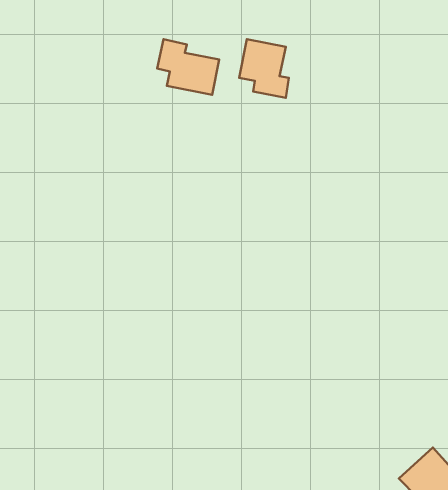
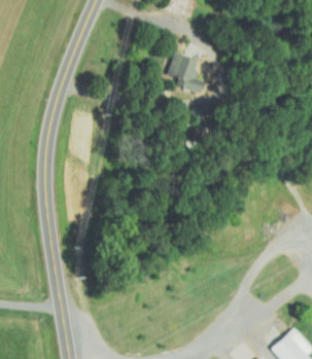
building: [157,39,219,95] -> none

